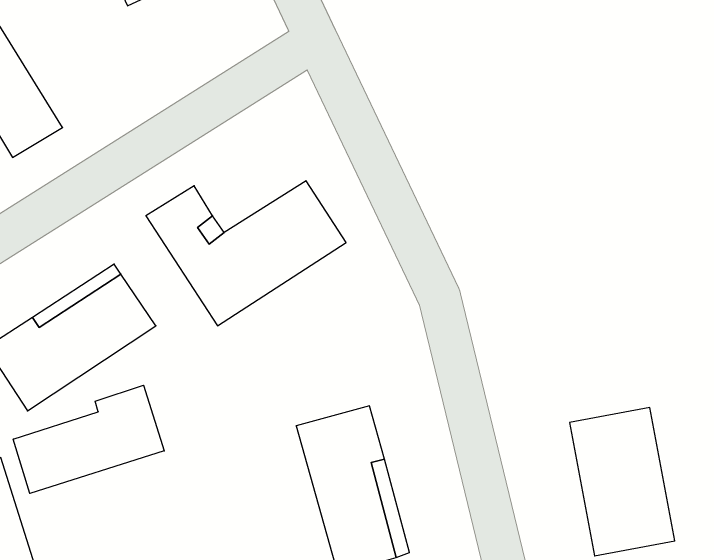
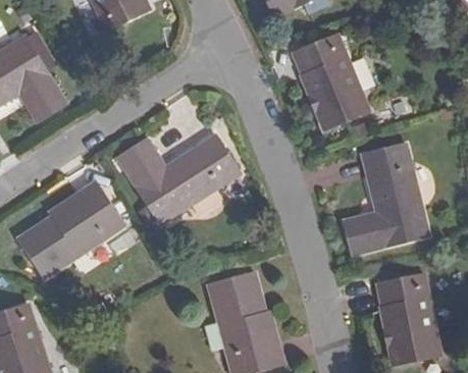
building: none -> [291,34,369,129]
building: none -> [344,144,428,254]
building: [13,385,164,493] -> none

